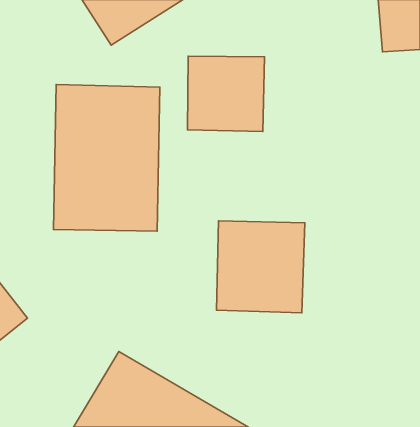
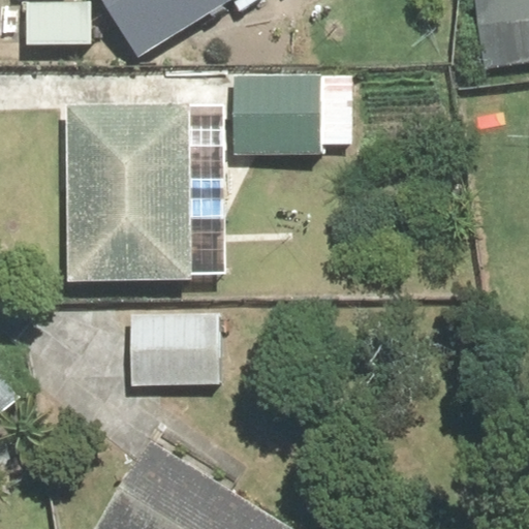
building: [217,221,305,313] -> none
building: none -> [129,301,226,387]

